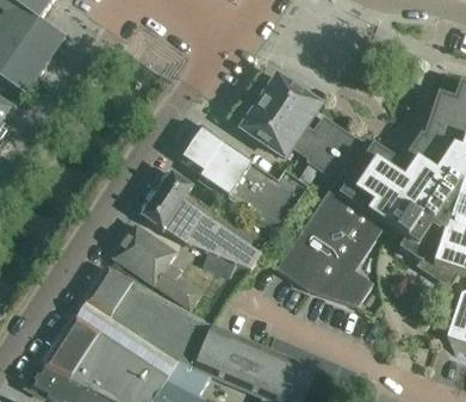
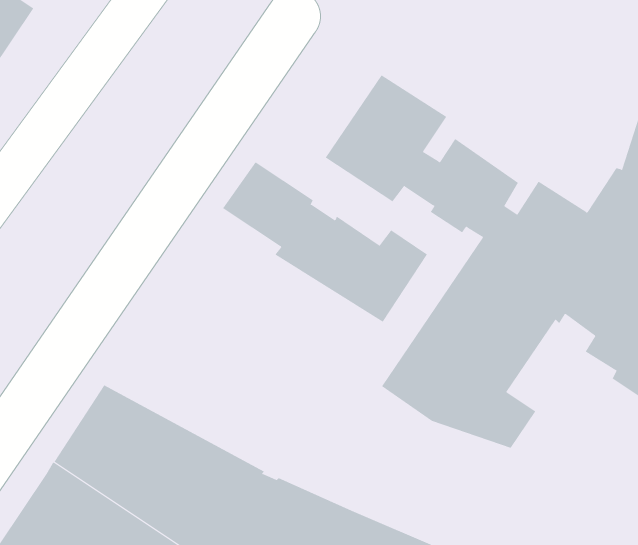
building: [142,172,261,274] -> none
building: [113,223,199,307] -> none

